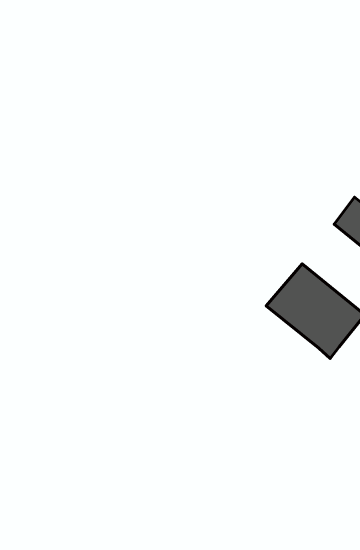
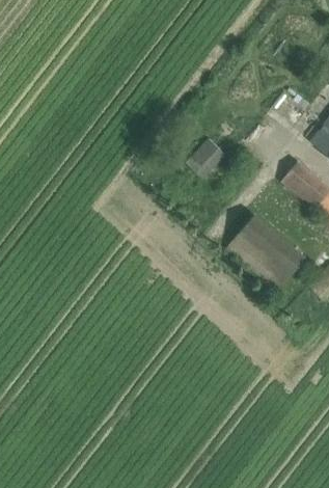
building: none -> [185,138,225,180]

